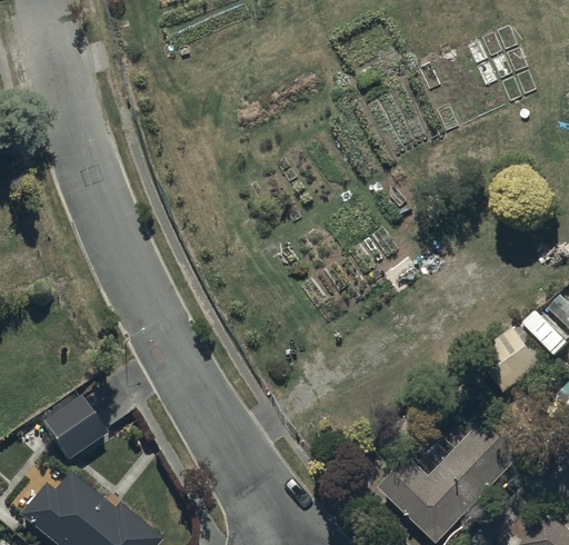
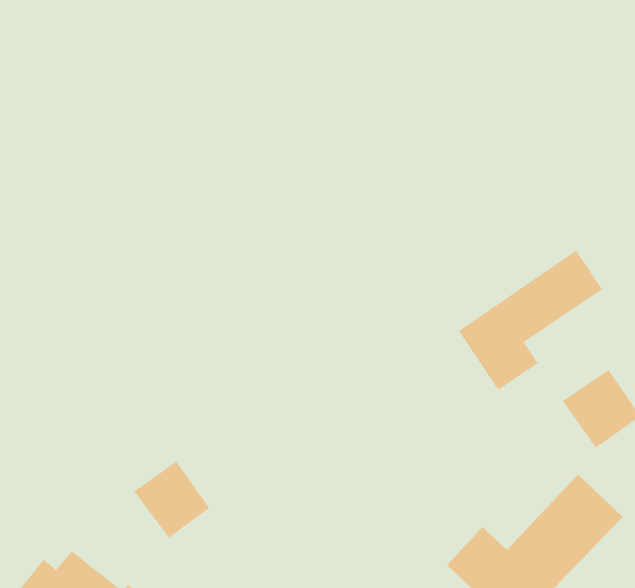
building: none -> [458,250,603,391]
building: [42,395,106,459] -> [134,461,210,539]

